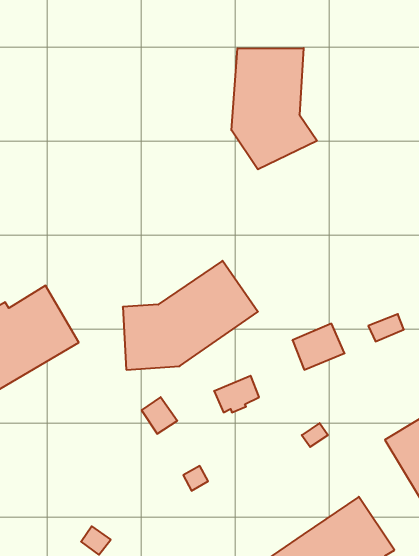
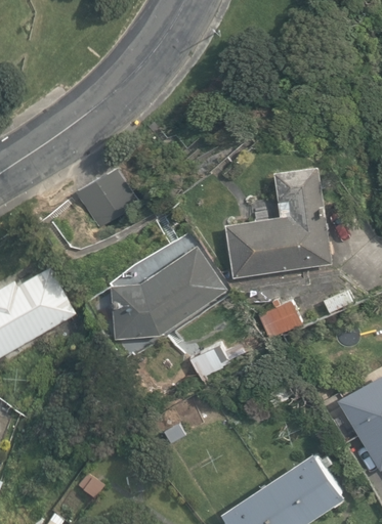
building: [231,48,317,169] -> none
building: none -> [226,166,332,277]
building: none -> [77,170,139,230]

